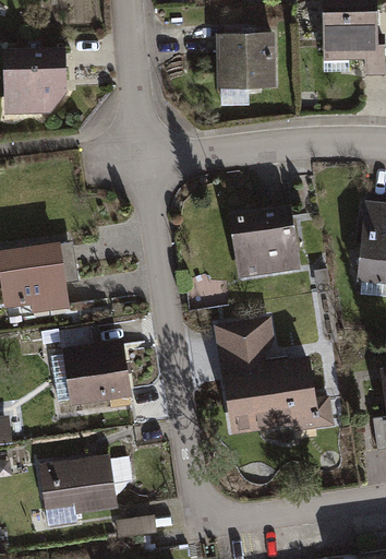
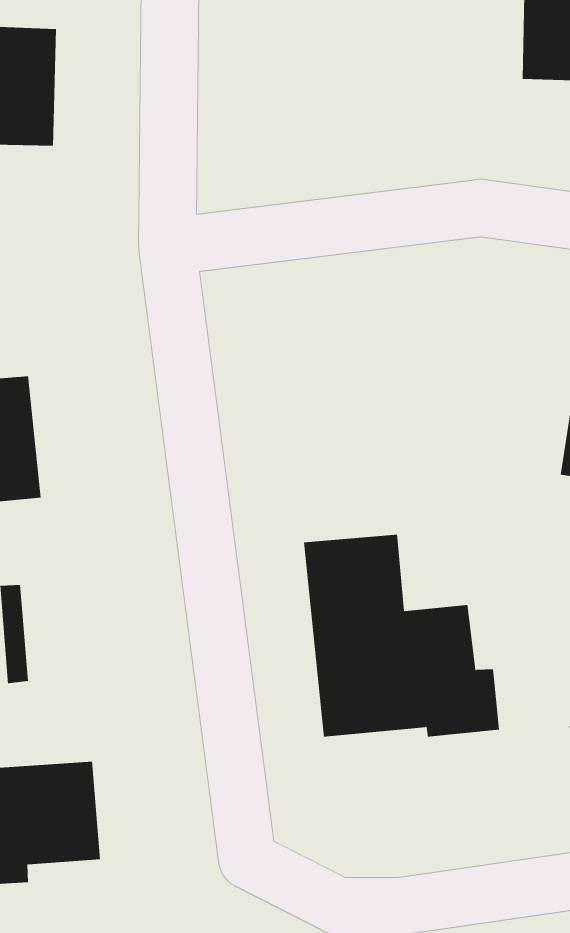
building: [219,33,277,87] -> none
building: [231,206,302,278] -> none
building: [67,341,130,403] -> none

